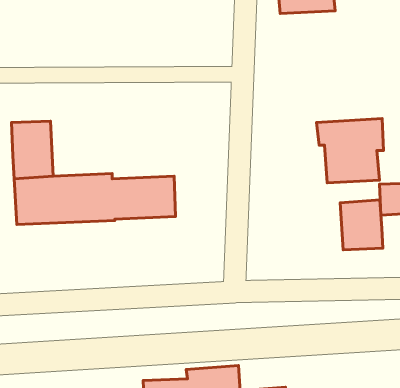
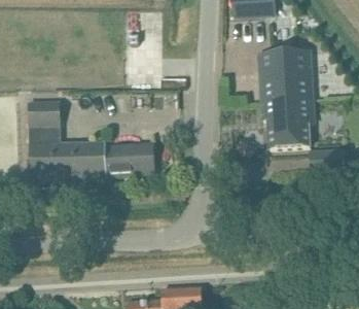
building: none -> [259,50,312,101]
building: [340,200,383,250] -> none

